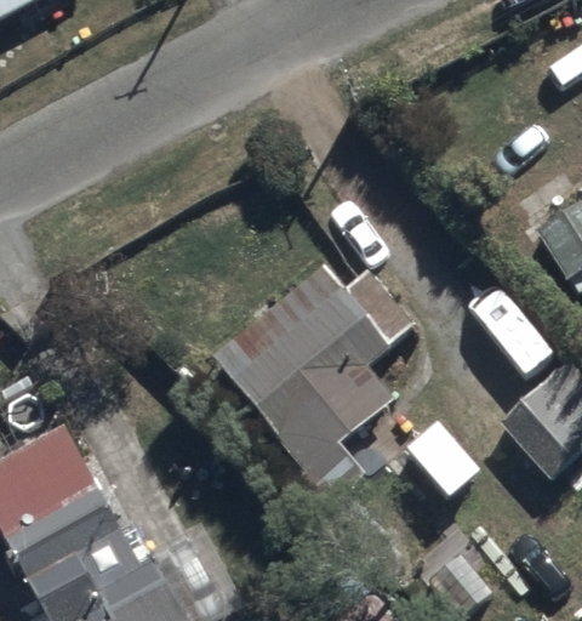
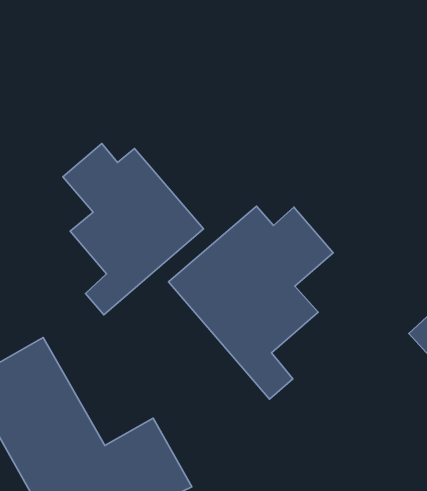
building: none -> [63,144,204,315]

